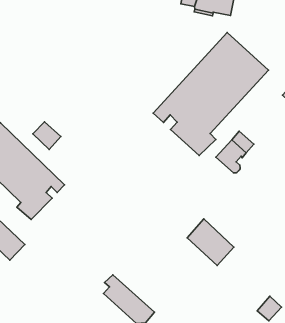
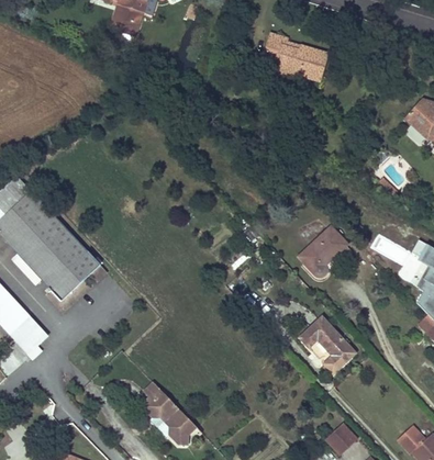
building: [153,32,269,156] -> none
building: [33,122,61,150] -> none
building: [187,219,234,265] -> [299,316,355,374]

